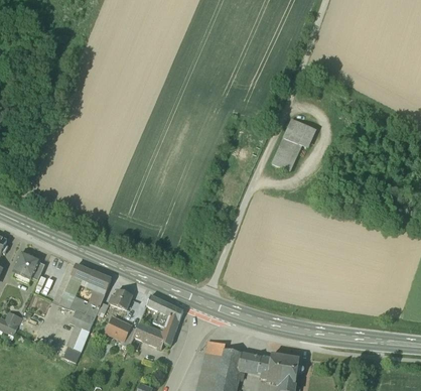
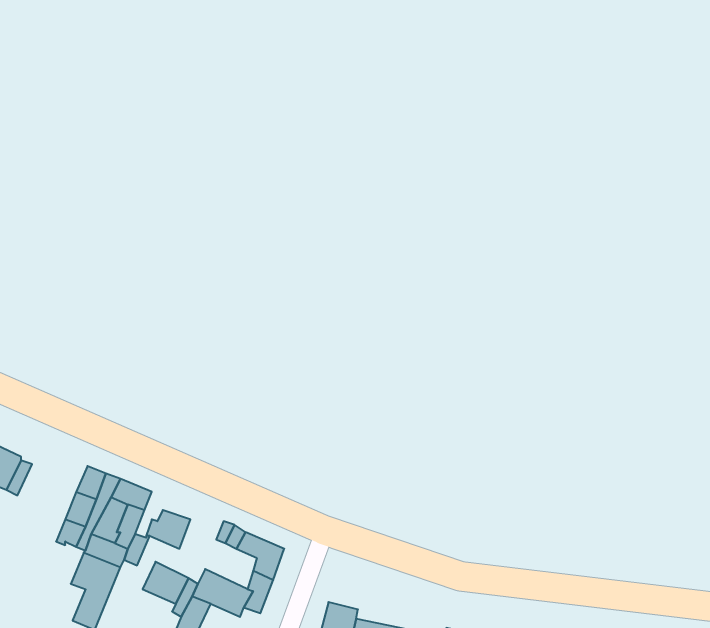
building: [272,118,313,168] -> none

